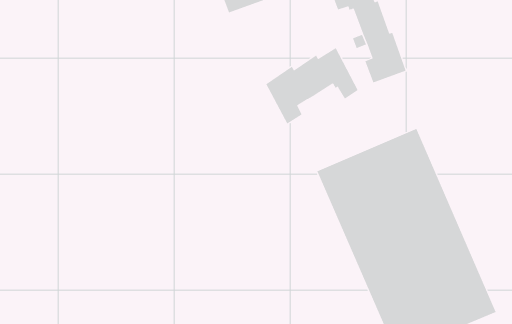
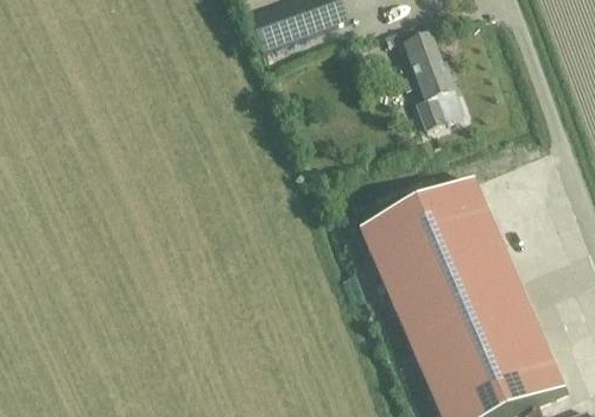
building: [266,47,358,125] -> none

